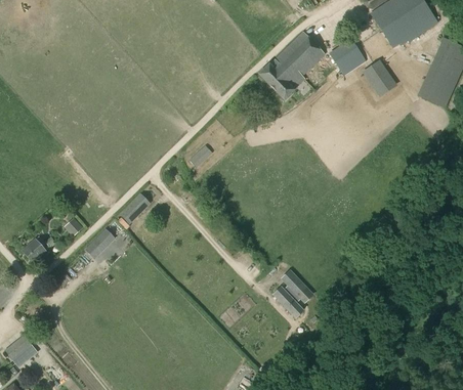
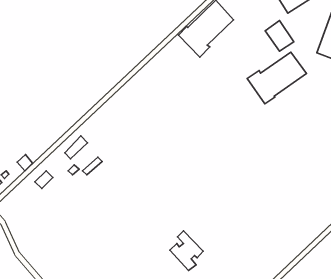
building: [330,40,366,76] -> none
building: none -> [247,52,307,104]
building: [272,270,312,318] -> [170,231,203,271]

